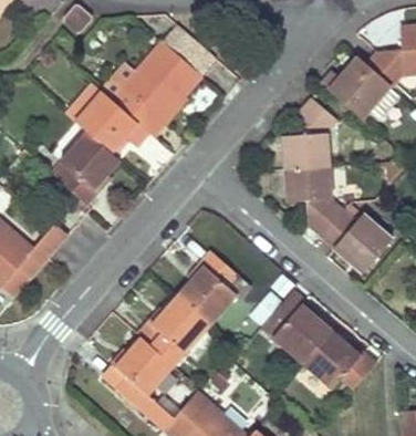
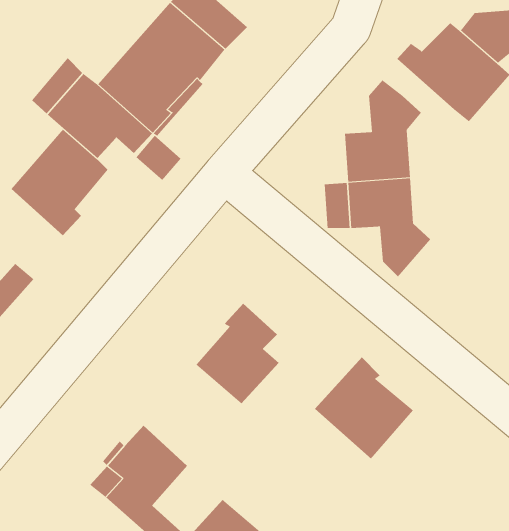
building: [321,208,391,271] -> none
building: [138,295,211,366] -> none
building: [302,328,377,388] -> none

